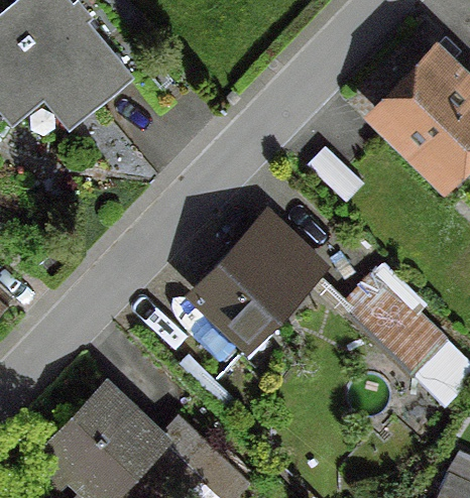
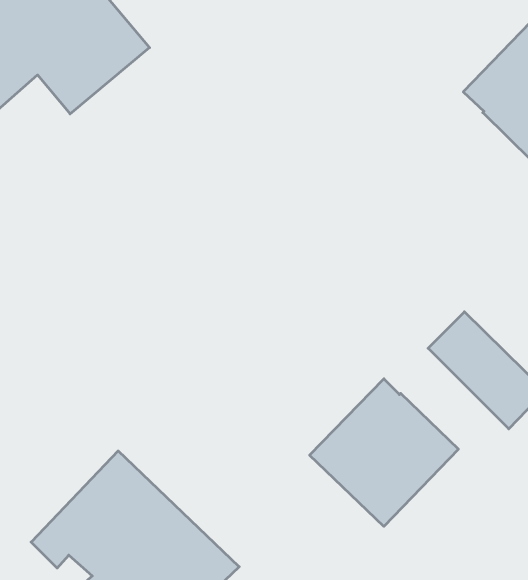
building: [197,214,323,342] -> none
building: none -> [310,379,458,526]

